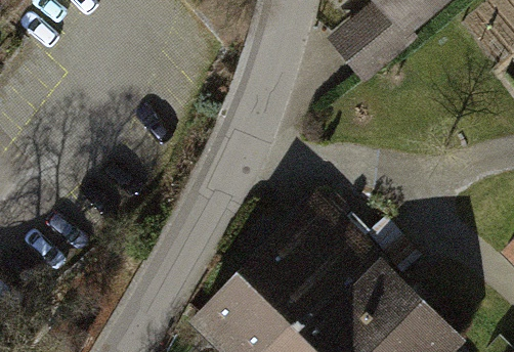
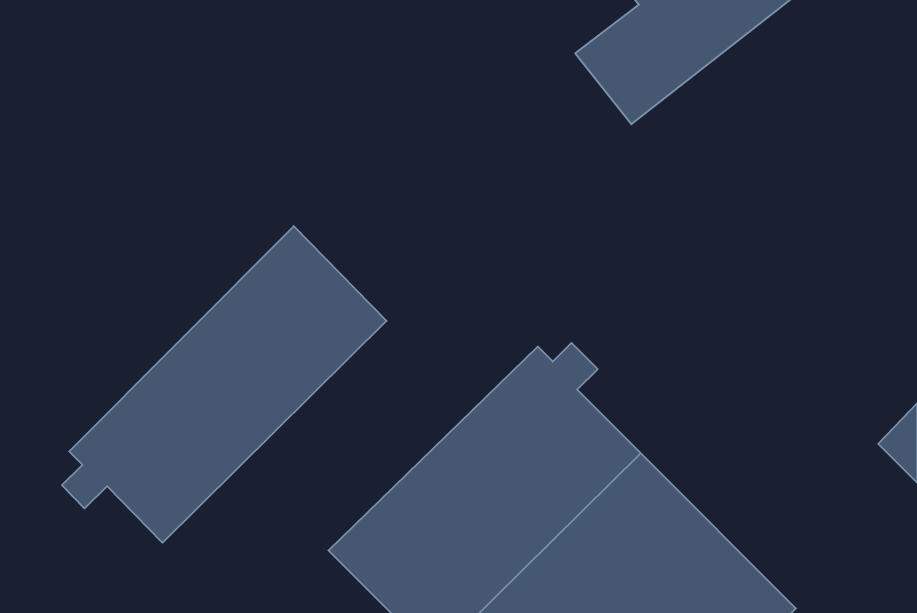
building: none -> [62,226,387,543]

